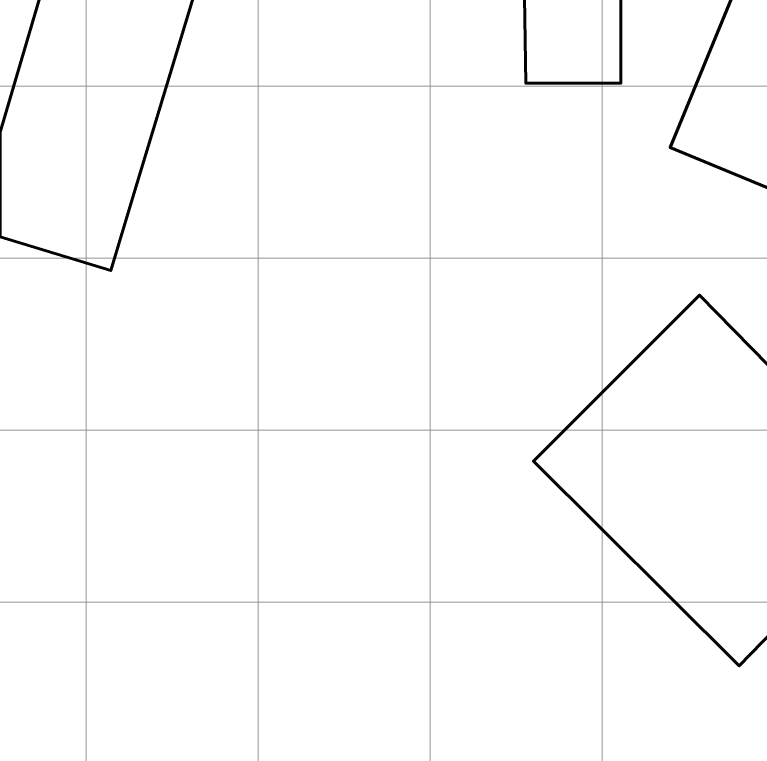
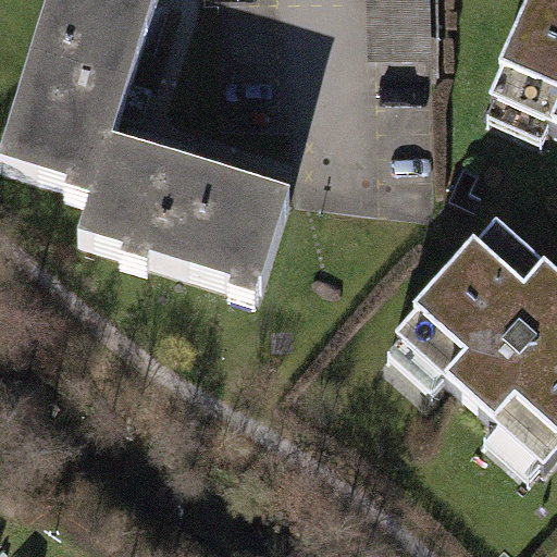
building: none -> [78,137,289,289]

